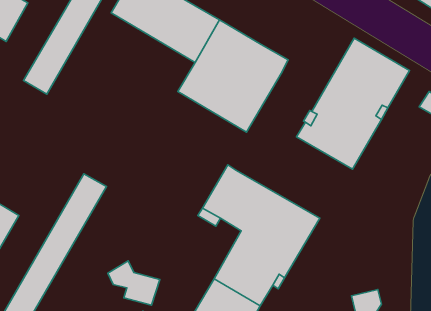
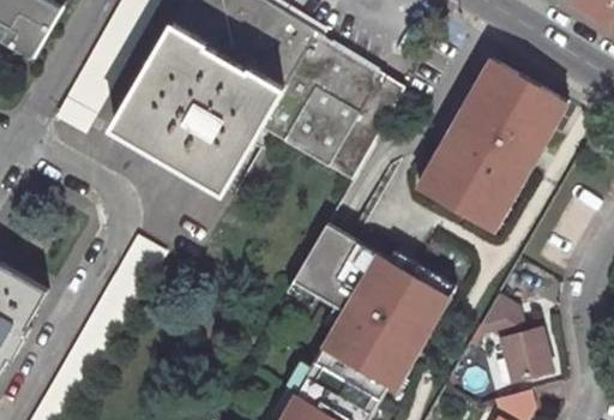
building: none -> [114,22,284,188]
building: none -> [478,294,548,380]
building: [108,261,160,305] -> none

